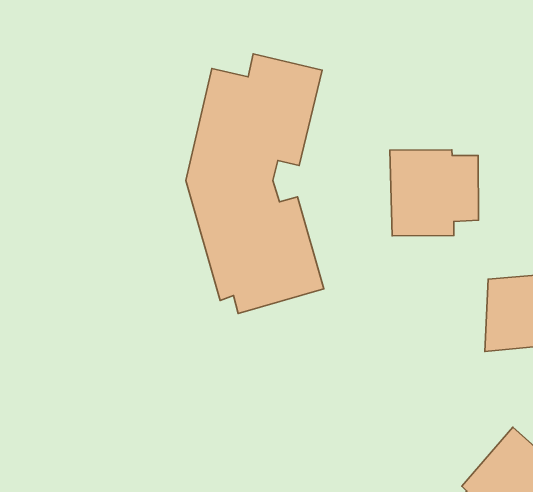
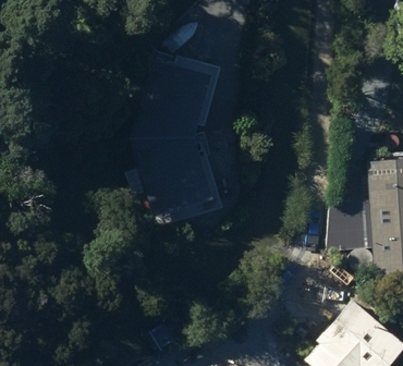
building: [390,150,479,236] -> none

